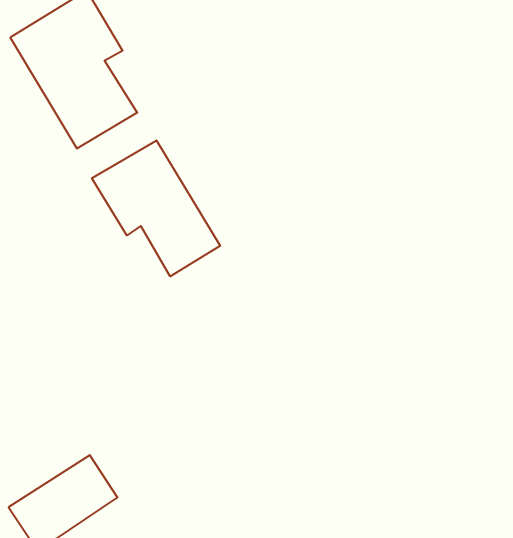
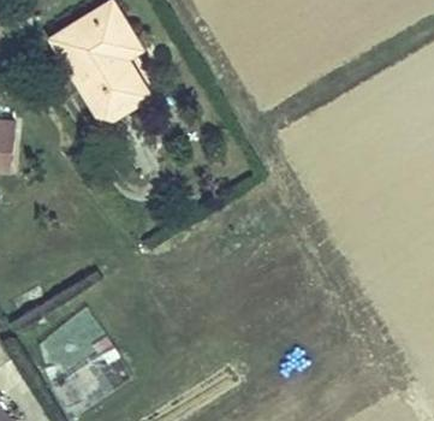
building: [92,140,220,276] -> none

